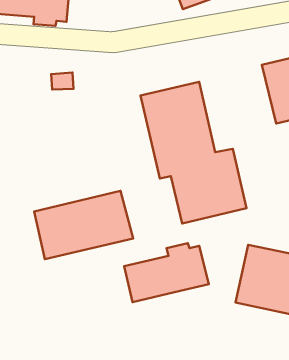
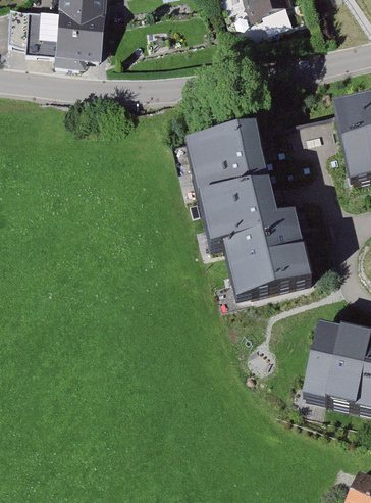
building: [34,191,133,259] -> none
building: [124,243,209,302] -> none

